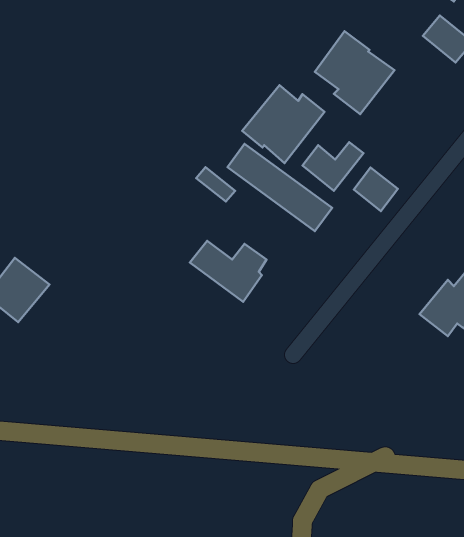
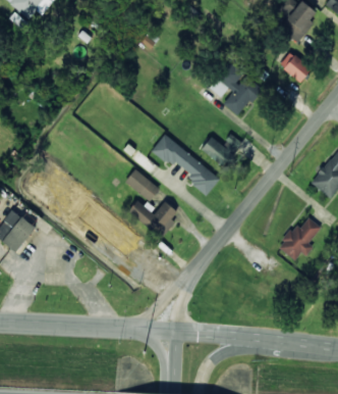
building: [242,85,324,163] -> none
building: [354,167,398,211] -> none
building: none -> [125,169,160,202]

